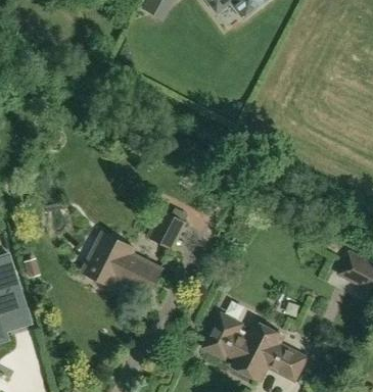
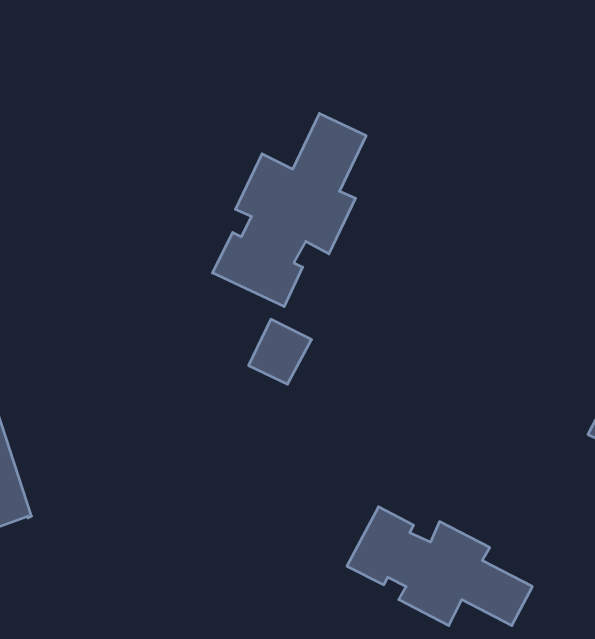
building: none -> [212,113,366,307]
building: [87,233,160,294] -> none

